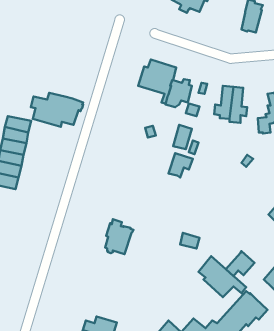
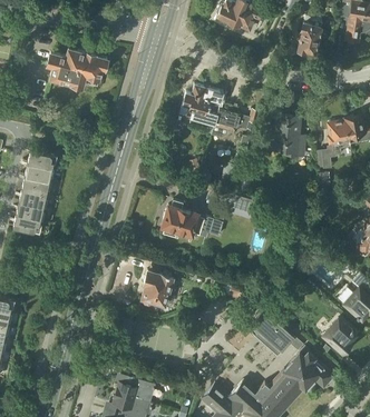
building: [31,93,83,127] -> [47,49,107,88]
building: none -> [162,200,213,238]
building: [226,251,255,276] -> none

